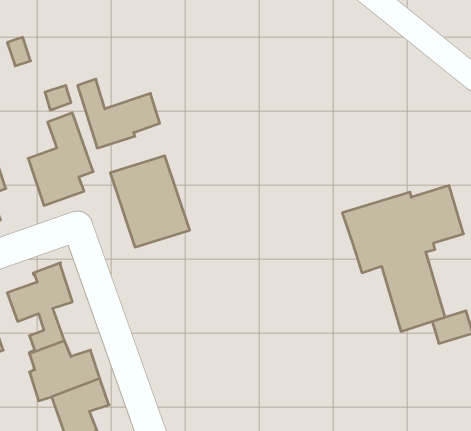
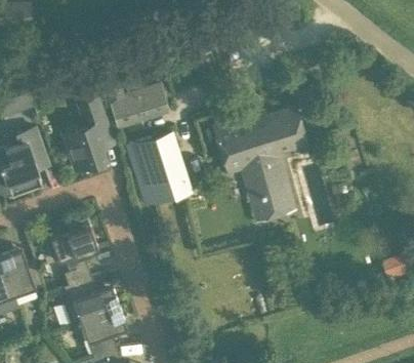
building: [342,186,464,331] -> [212,108,307,223]

